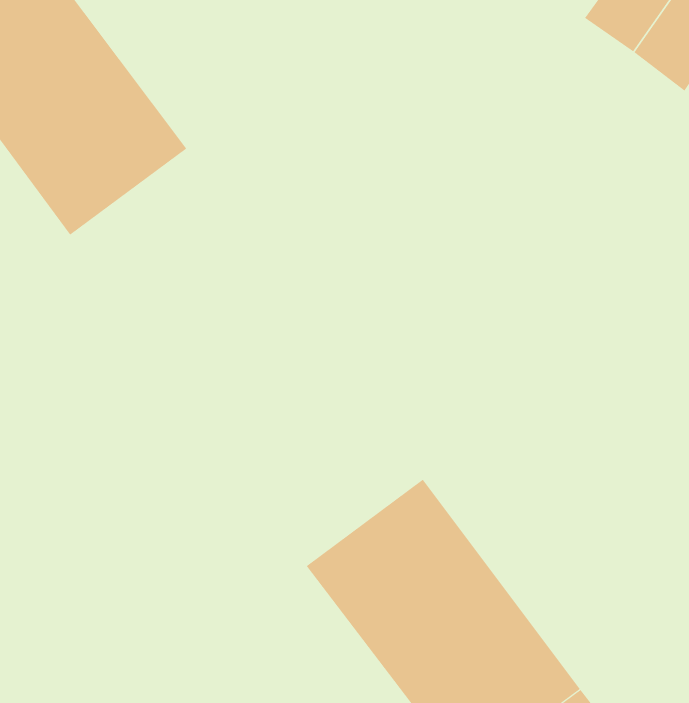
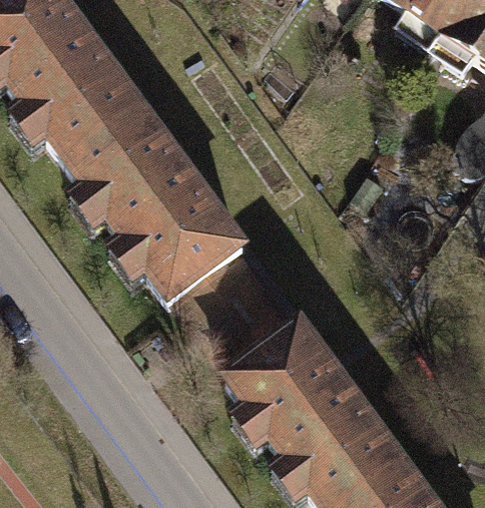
building: none -> [67,106,249,302]

